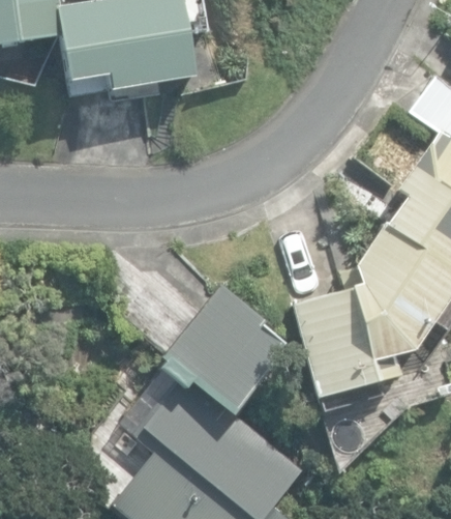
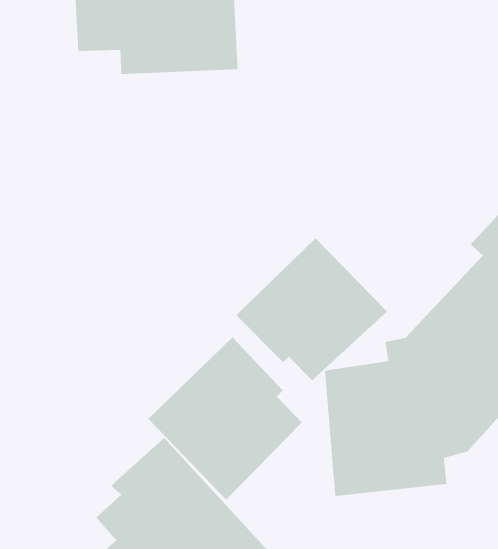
building: none -> [236,238,388,381]

